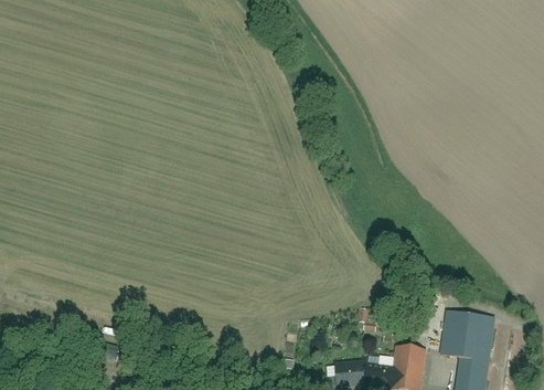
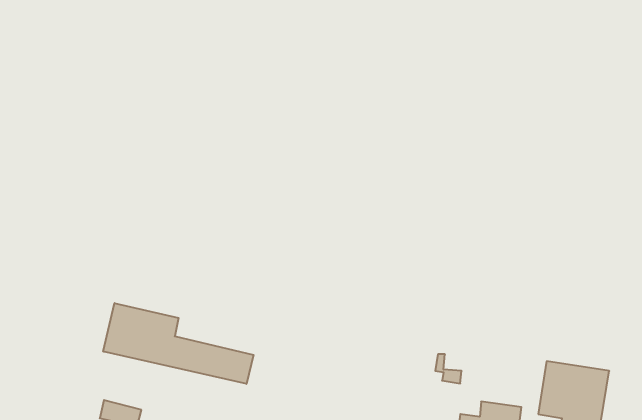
building: none -> [103,303,254,384]

